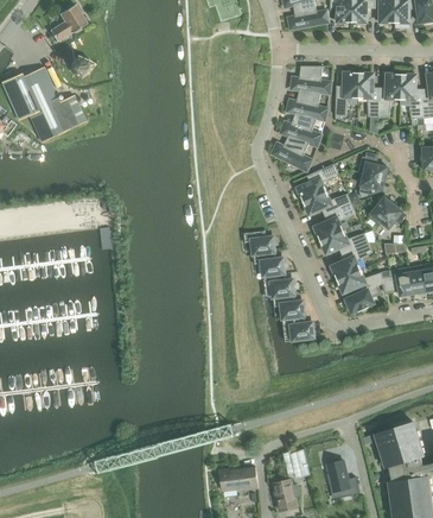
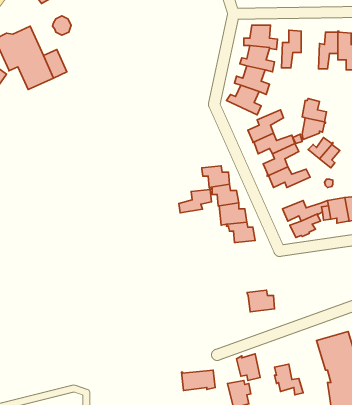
building: [358,71,380,116] -> none
building: [331,242,372,279] -> none
building: none -> [179,189,212,213]
building: [282,316,314,341] -> [247,290,275,312]

